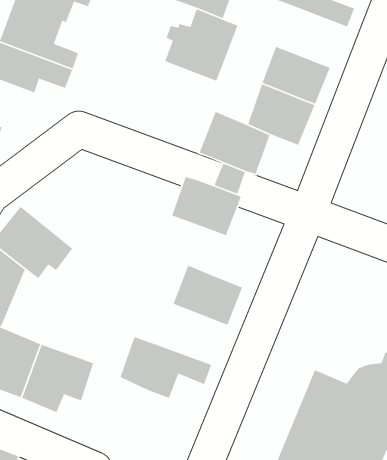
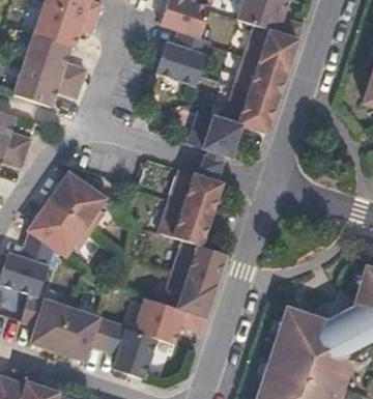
building: none -> [242,25,298,72]
building: none -> [49,167,107,226]
building: none -> [159,196,212,240]
building: none -> [163,265,218,311]
building: none -> [106,315,159,375]

